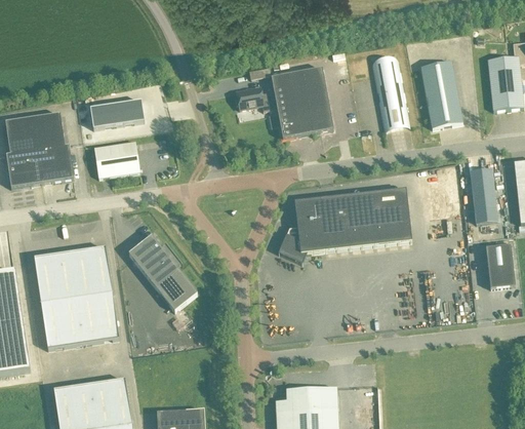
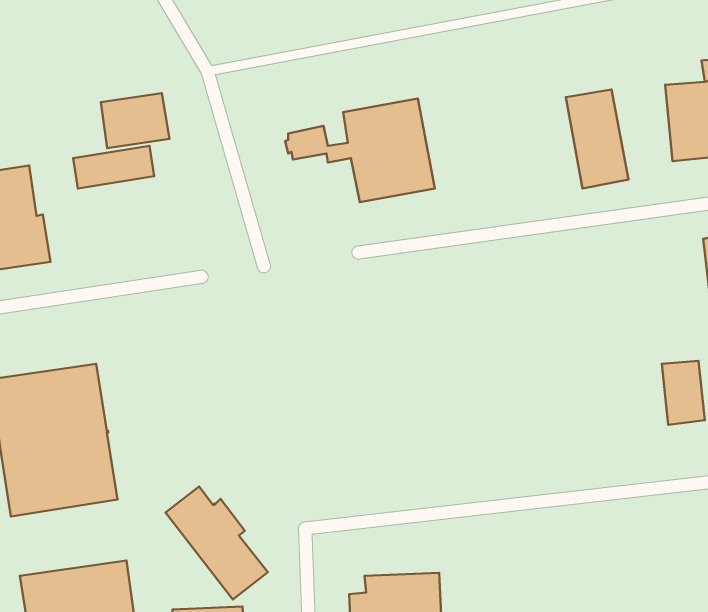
building: [371,59,408,125] -> none
building: [93,140,139,177] -> [101,93,170,148]
building: [469,167,497,224] -> none
building: [279,190,410,261] -> none
building: [128,234,197,310] -> [166,487,268,599]

